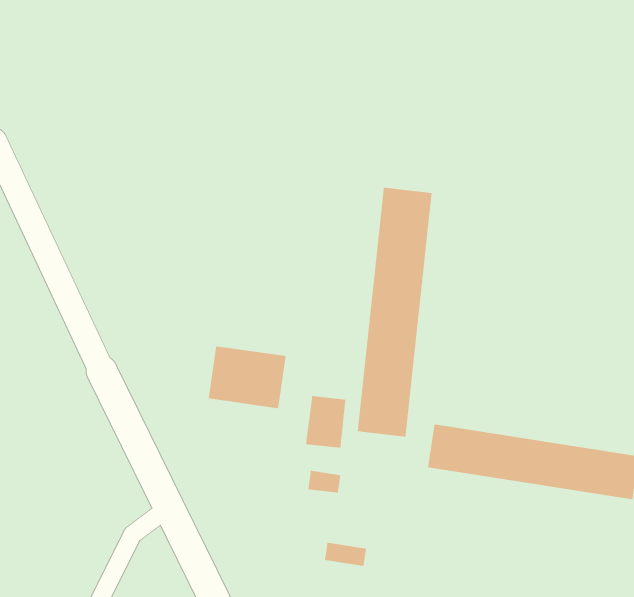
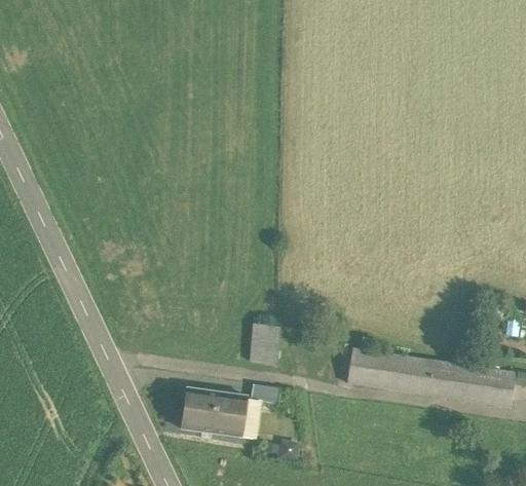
building: [357,187,432,437] -> none
building: [208,346,286,409] -> [182,386,245,437]

